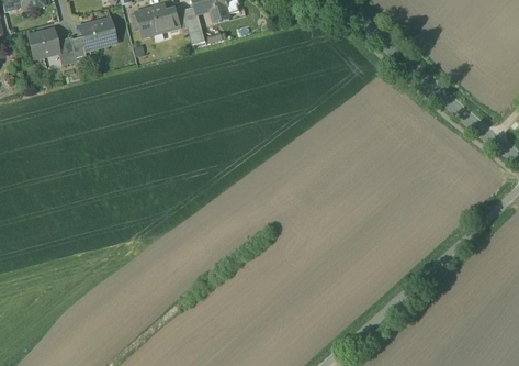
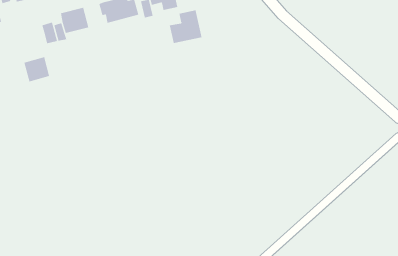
building: none -> [169,9,202,44]
building: [25,26,59,59] -> [24,57,50,82]

